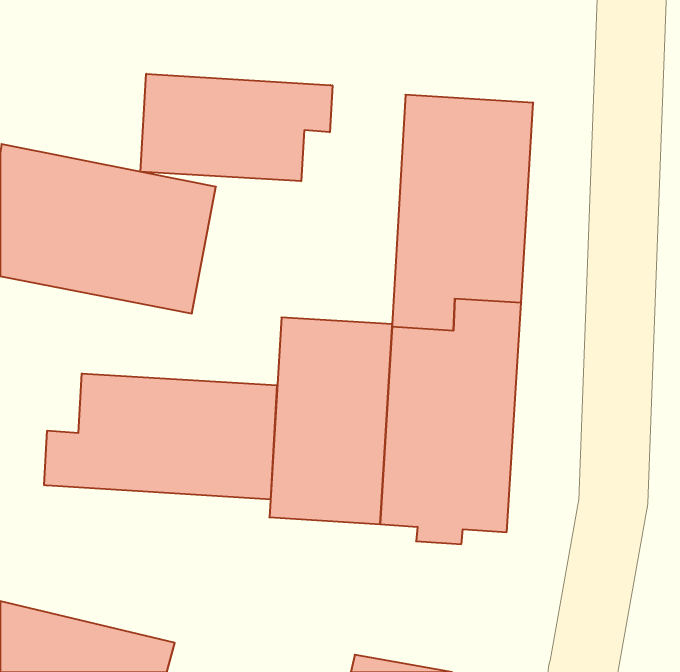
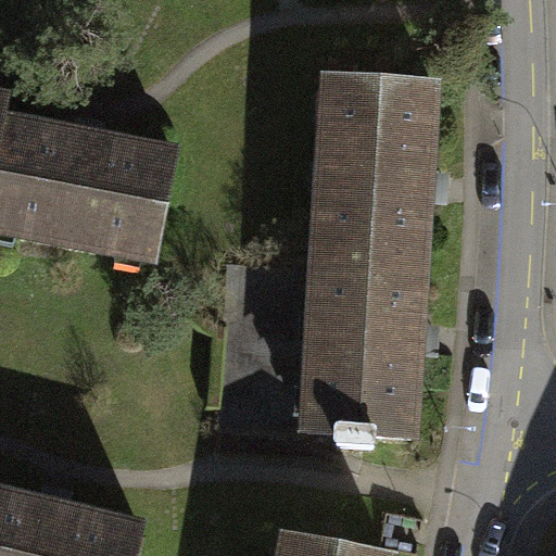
building: [141,74,332,181] -> none
building: [44,373,277,499] -> none

